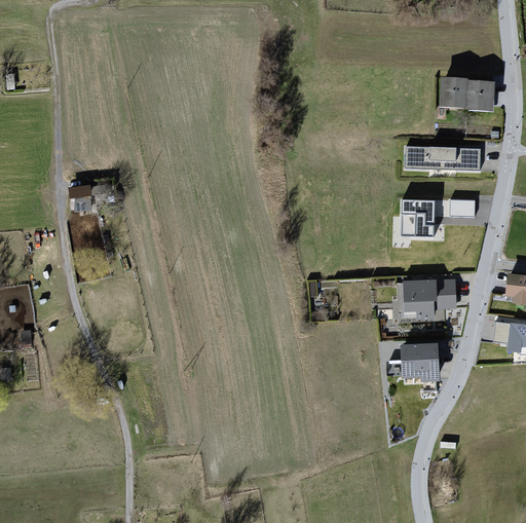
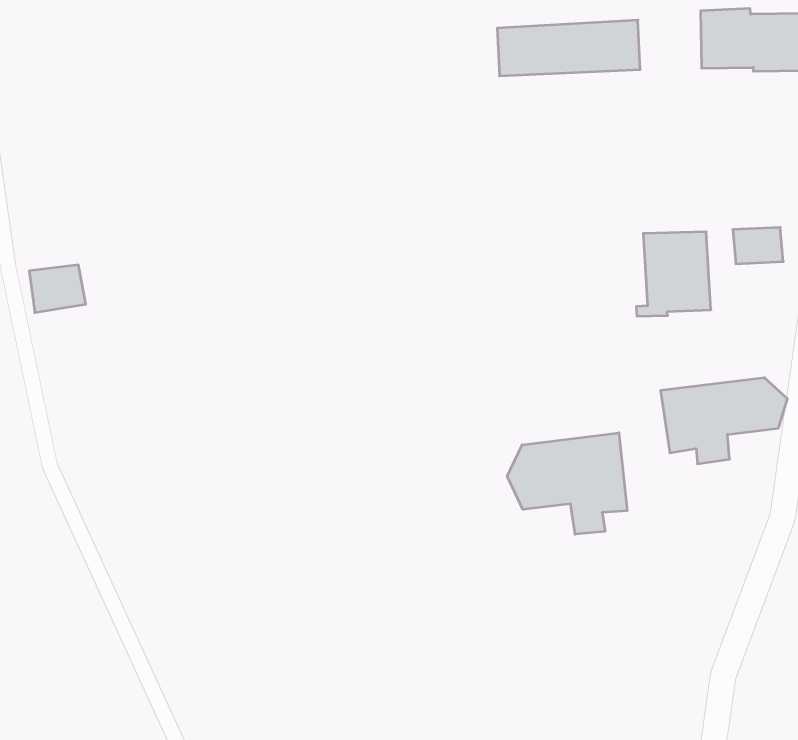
building: [403,145,480,174] -> [497,20,640,76]
building: none -> [507,433,627,534]
building: [400,342,441,382] -> none

